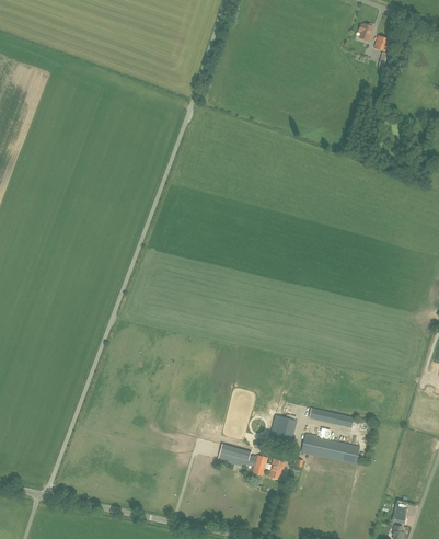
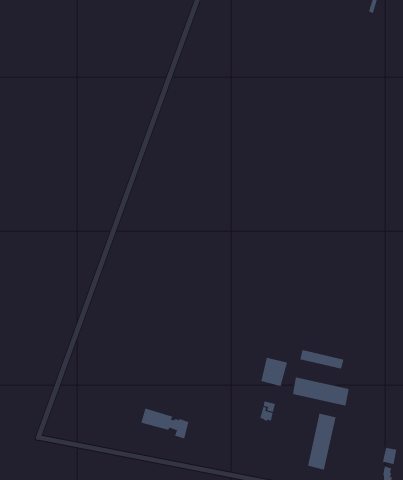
building: [218,443,267,474] -> [140,408,189,439]
building: none -> [307,413,336,470]

